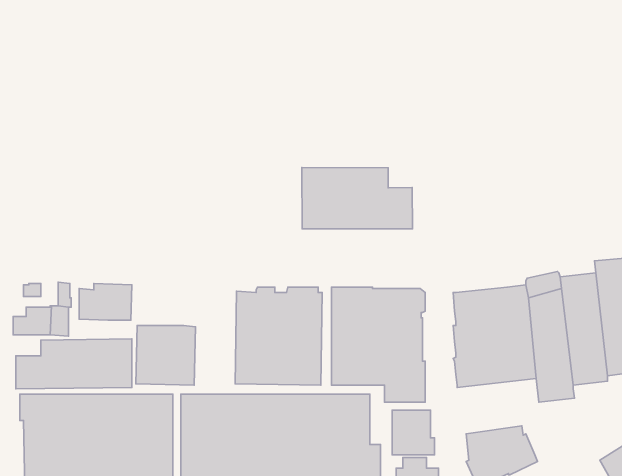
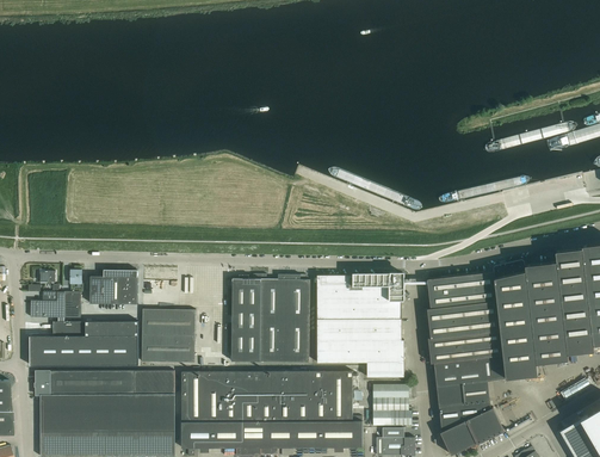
building: [302,168,412,229] -> none
building: none -> [432,357,506,407]

